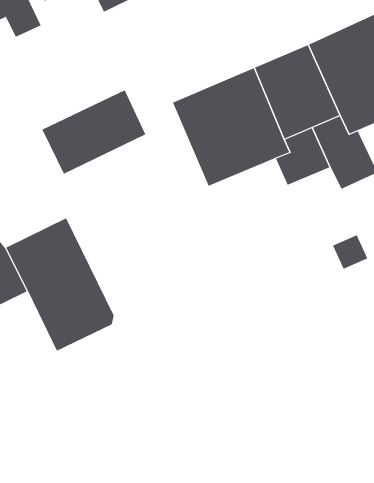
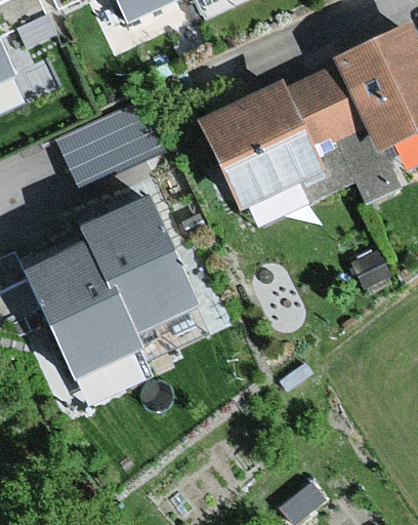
building: none -> [84,193,204,335]

